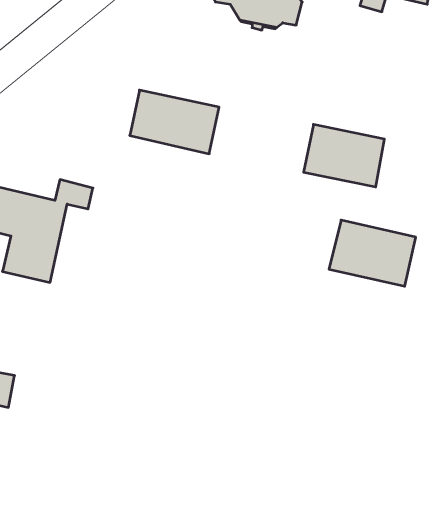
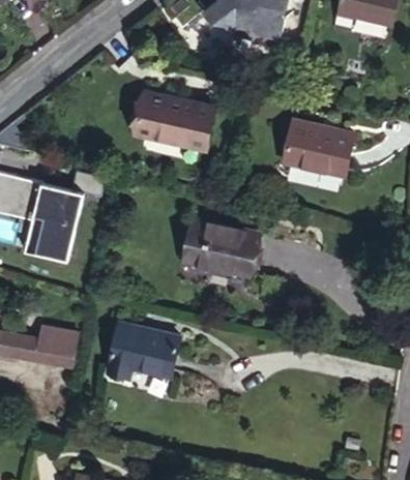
building: [329,220,416,286] -> [186,223,260,279]
building: none -> [107,323,179,379]
building: none -> [34,330,75,371]

